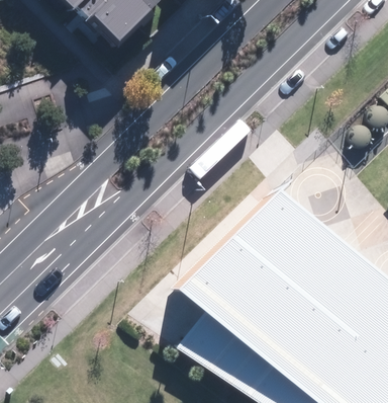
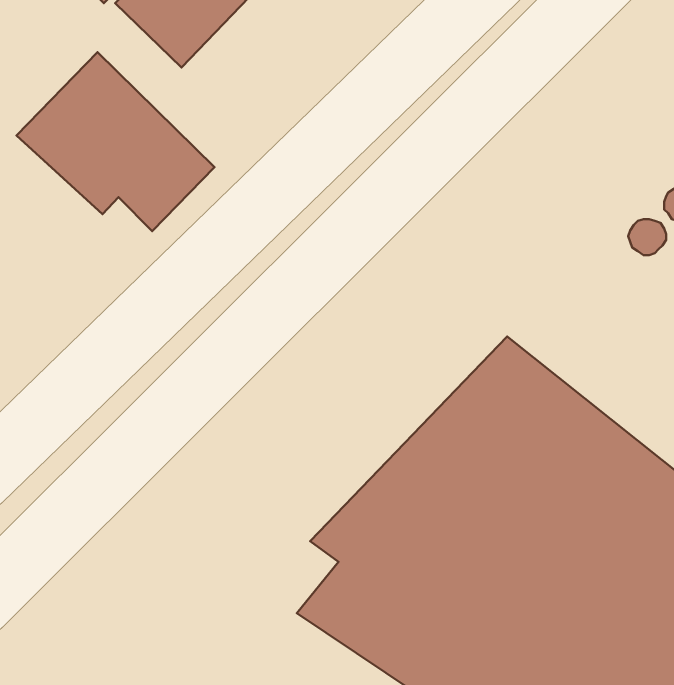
building: none -> [16,52,215,231]

